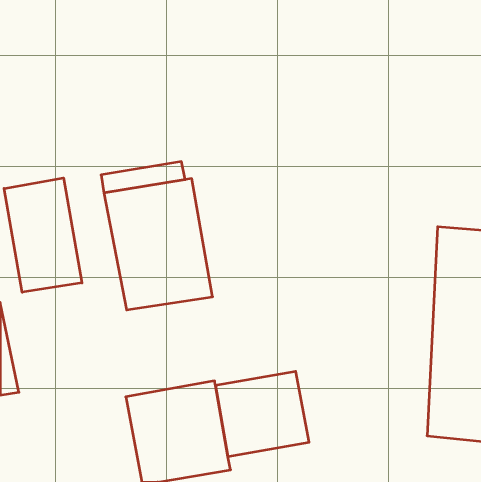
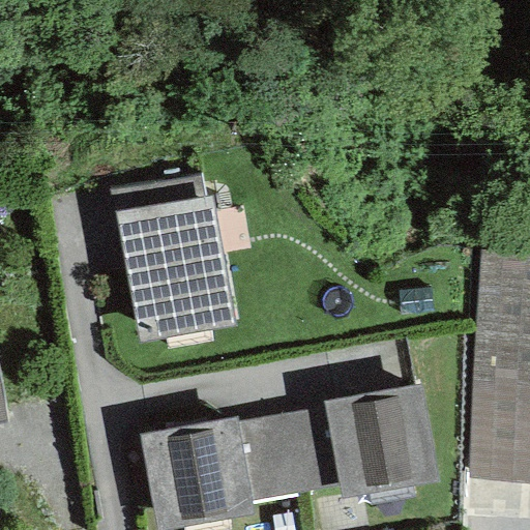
building: [4,178,82,292] -> none
building: none -> [324,383,439,498]

